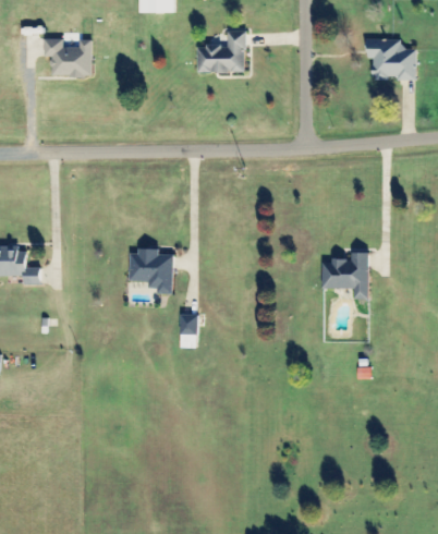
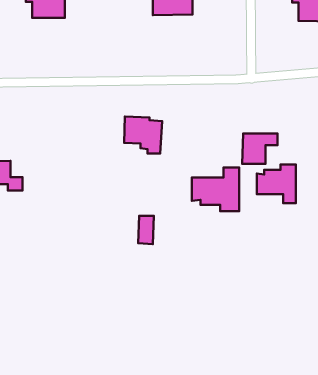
building: none -> [242,134,278,164]
building: [129,248,174,293] -> [124,117,162,154]
building: none -> [192,167,239,211]

